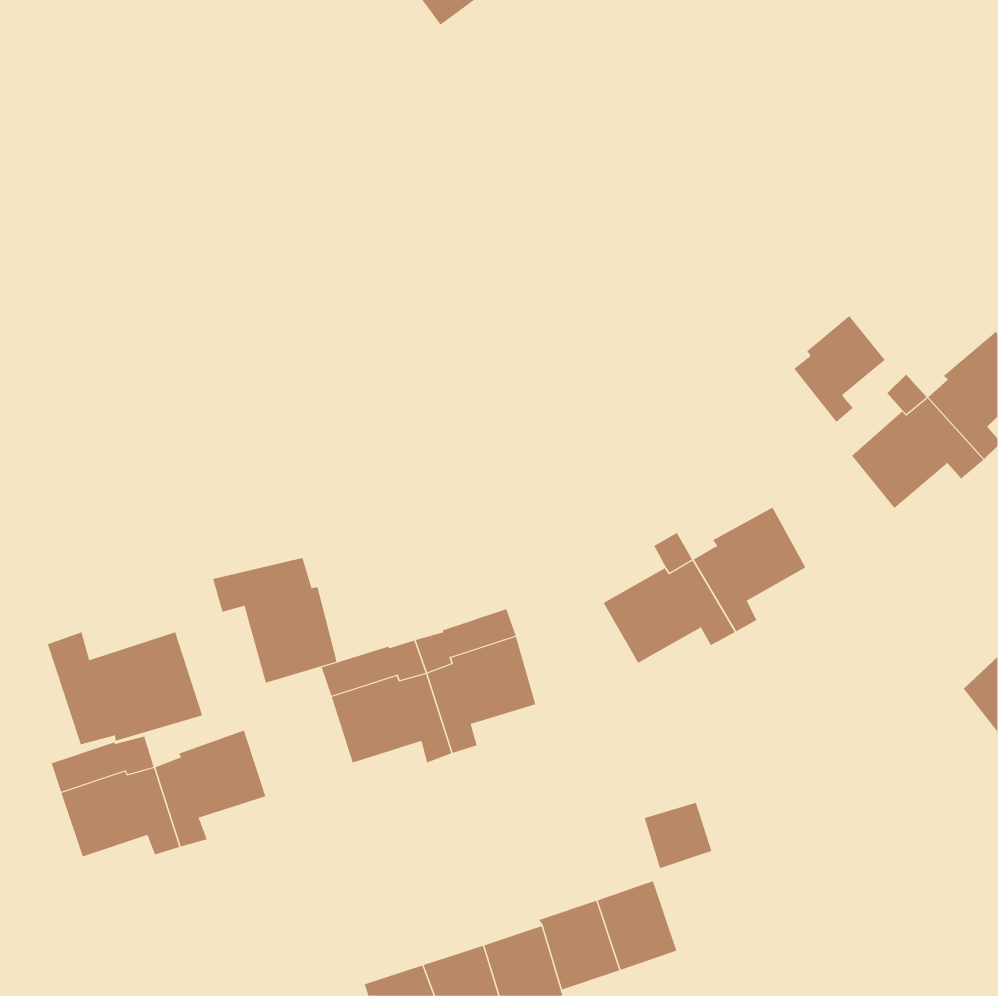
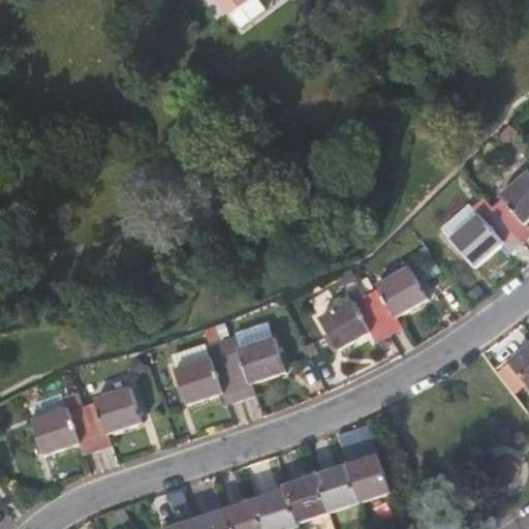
building: [793,315,886,423] -> none
building: [213,557,337,684] -> none
building: [47,631,203,745] -> none
building: none -> [345,455,388,502]

